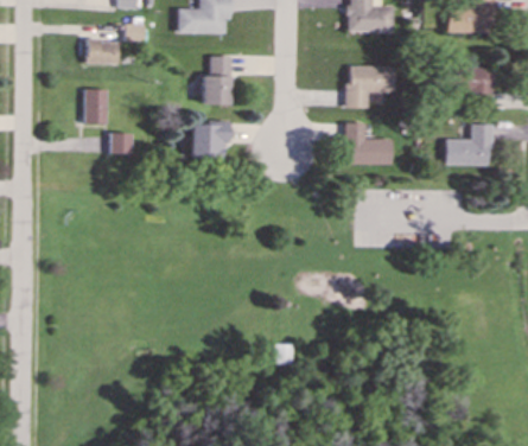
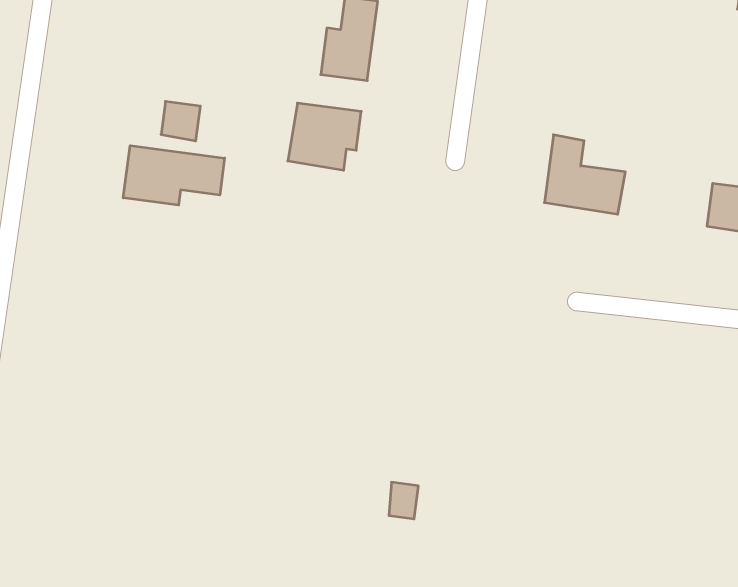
building: [345,65,393,108] -> none
building: [84,89,108,123] -> none
building: none -> [123,146,225,205]

